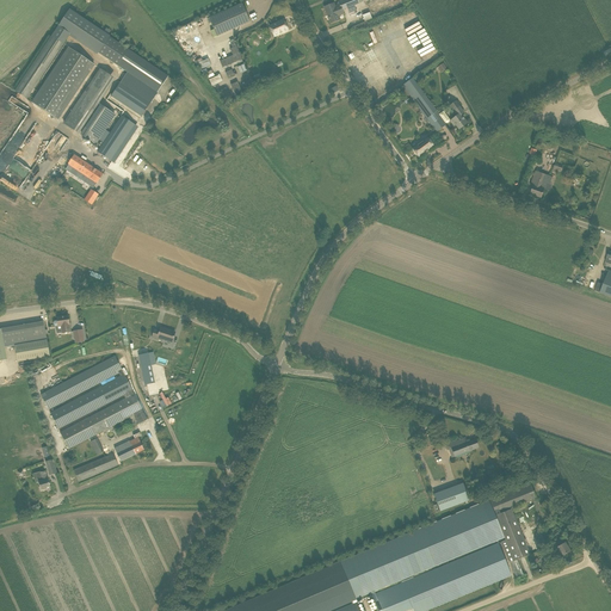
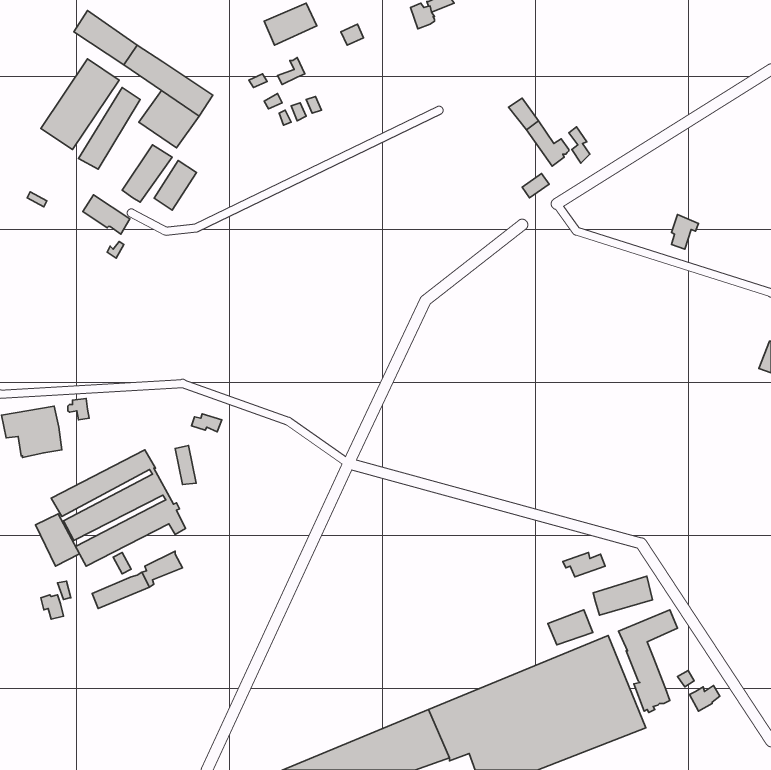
building: [81,105,115,144] -> [154,160,196,210]
building: none -> [35,514,79,566]
building: none -> [593,576,653,615]

